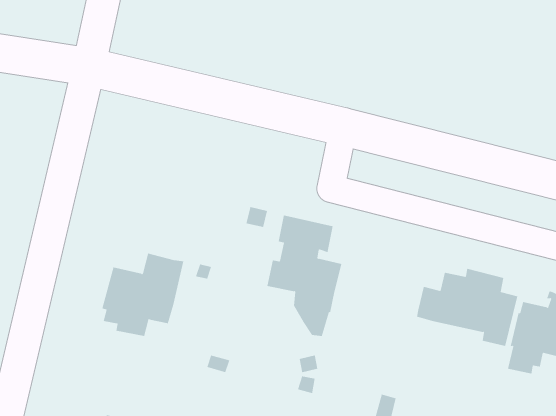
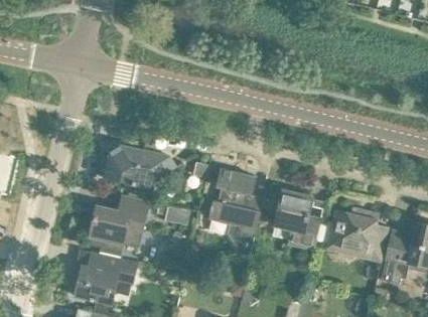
building: none -> [103,144,175,189]
building: none -> [274,190,321,252]
building: none -> [75,254,136,304]

